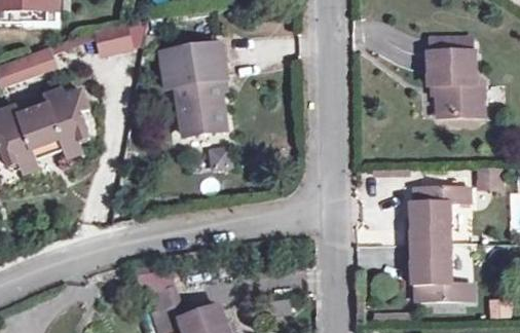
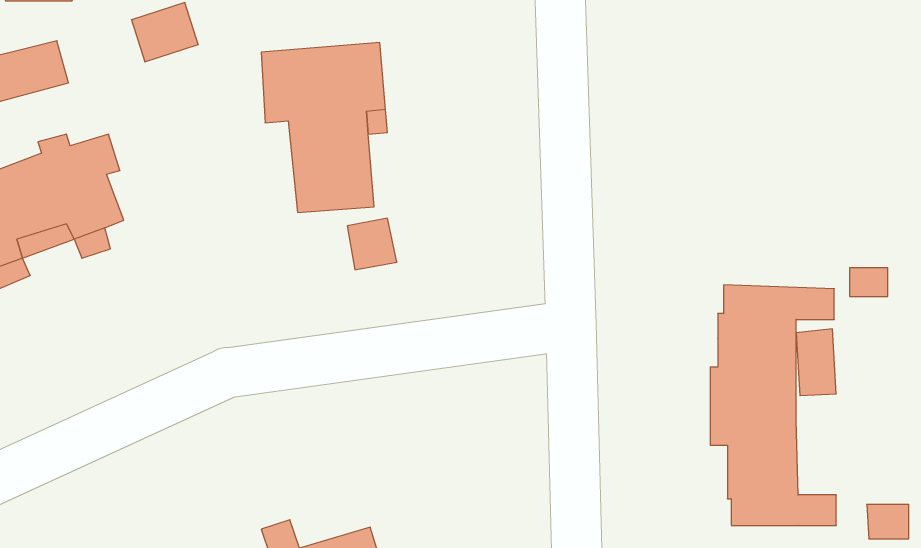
building: [433,28,488,114] -> none

